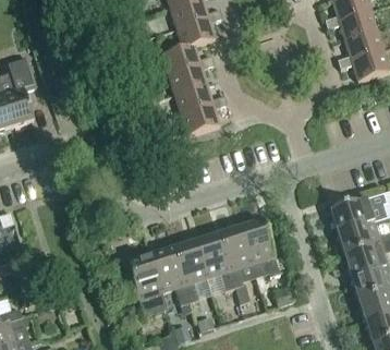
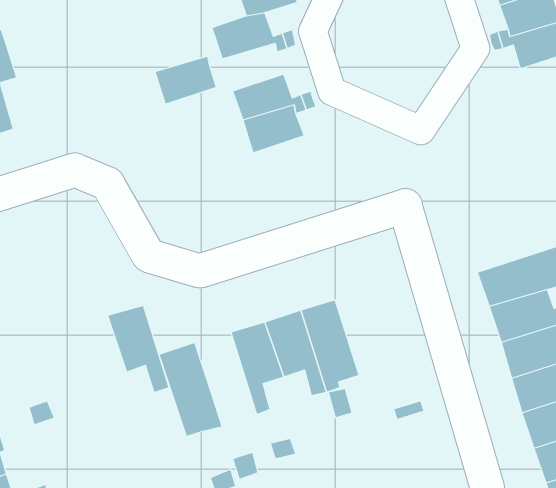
building: [168,65,207,96] -> [155,56,216,104]
building: [240,221,280,277] -> none
building: [150,250,190,305] -> [108,305,169,393]

